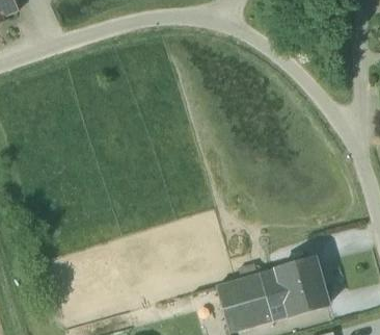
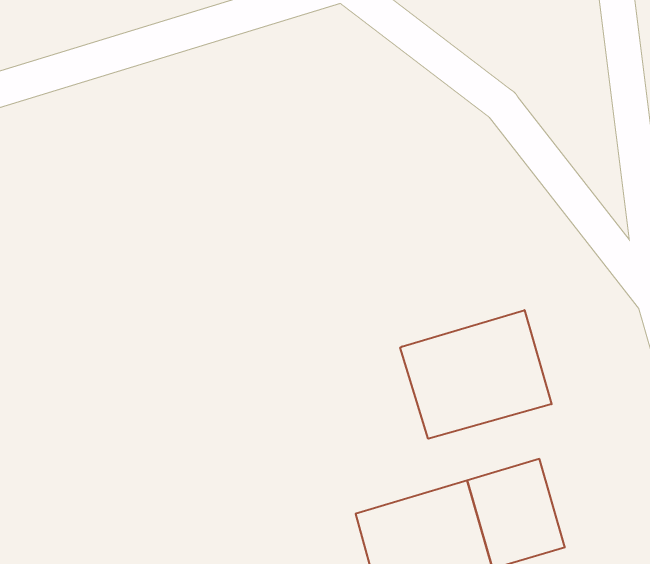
building: none -> [400,310,552,439]

